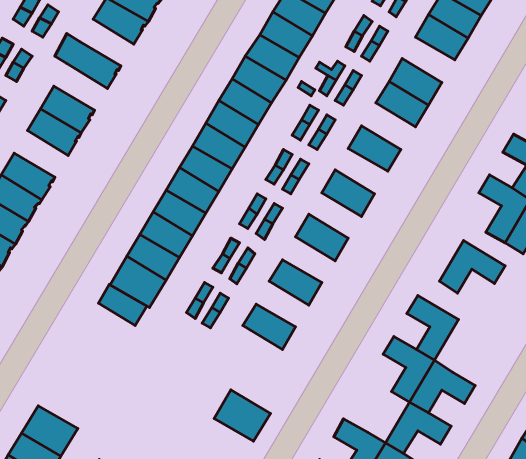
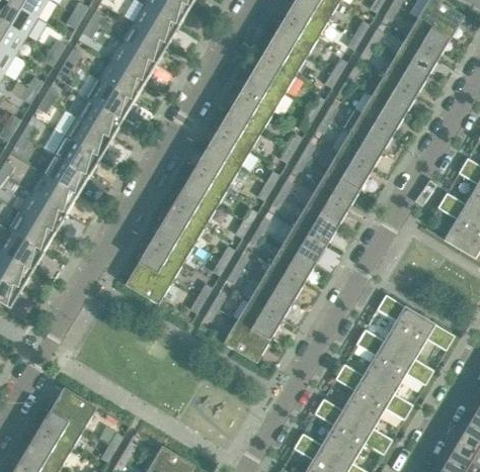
building: none -> [99,61,145,100]
building: none -> [372,76,416,114]
building: none -> [77,98,123,137]
building: none -> [337,131,383,171]
building: none -> [44,155,89,194]
building: none -> [315,170,359,208]
building: none -> [293,207,337,246]
building: none -> [270,245,315,283]
building: [439,241,505,293] -> [399,314,455,359]
building: none -> [248,282,293,320]
building: [98,284,147,326] -> none
building: none -> [334,363,378,418]
building: [214,390,270,441] -> [223,319,270,363]

